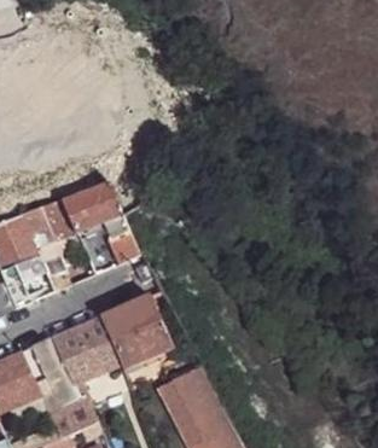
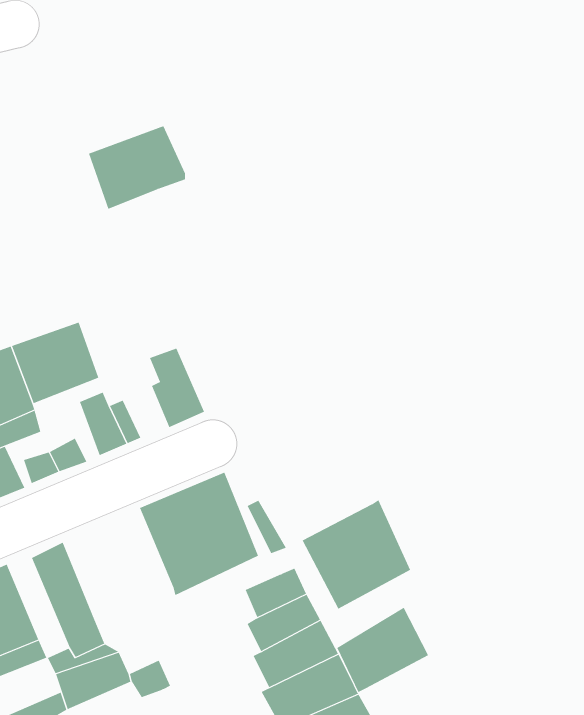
building: [64,186,123,237] -> [88,125,186,209]
building: none -> [302,499,411,609]
building: [54,315,121,383] -> none
building: none -> [337,607,429,693]

